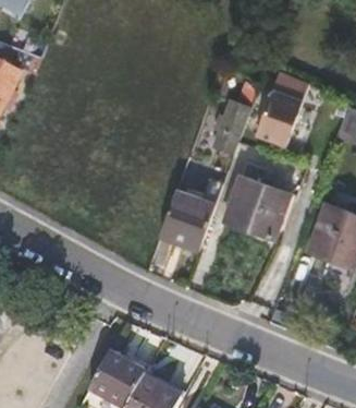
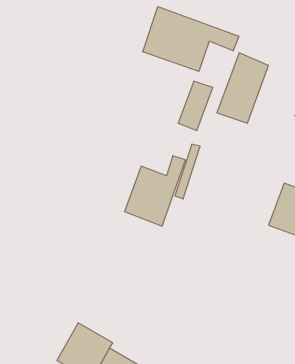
building: none -> [143,7,239,71]
building: [224,173,291,235] -> none

